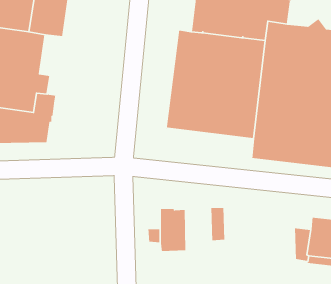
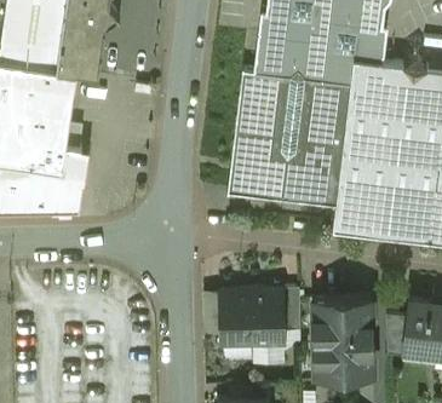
building: none -> [251,292,283,346]
building: none -> [314,300,373,379]

